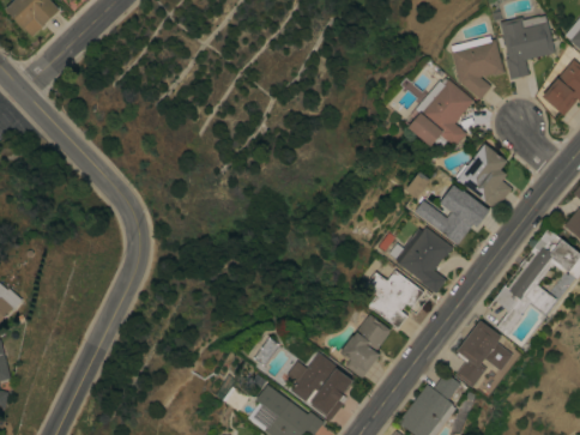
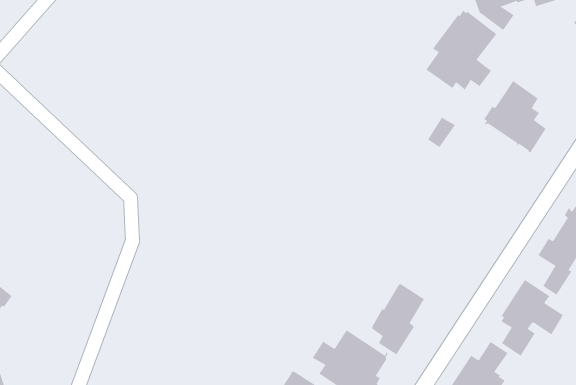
building: [415,185,489,244] -> none
building: [395,228,453,294] -> none
building: [363,271,423,328] -> none

